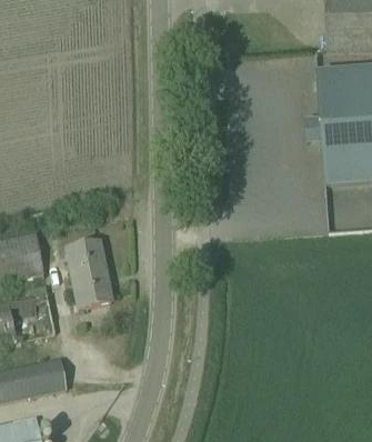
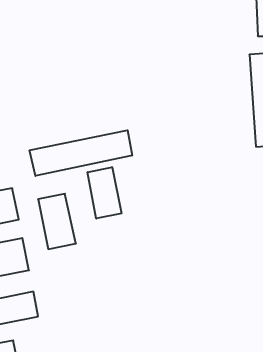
building: none -> [30,130,132,176]
building: none -> [88,167,121,219]

